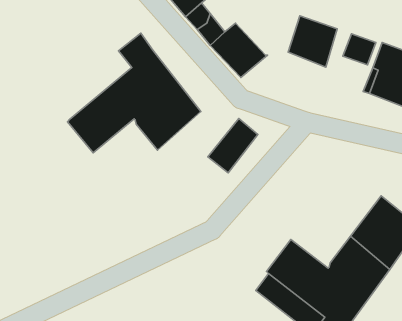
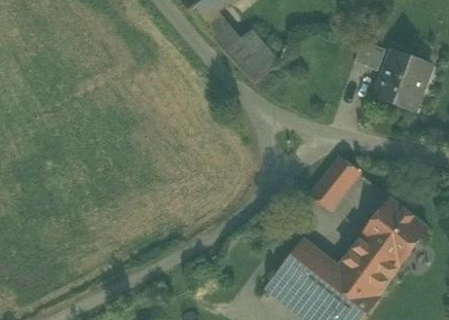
building: [288,16,337,67] -> none
building: [67,33,201,153] -> none
building: [208,118,258,173] -> [309,156,358,209]

